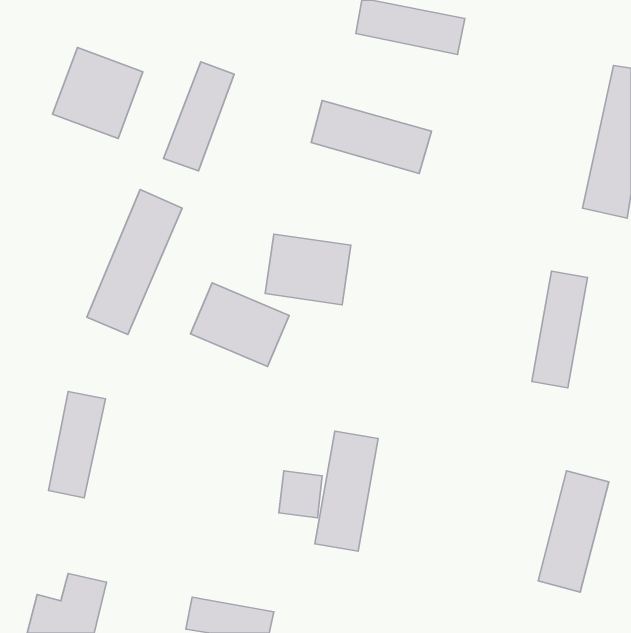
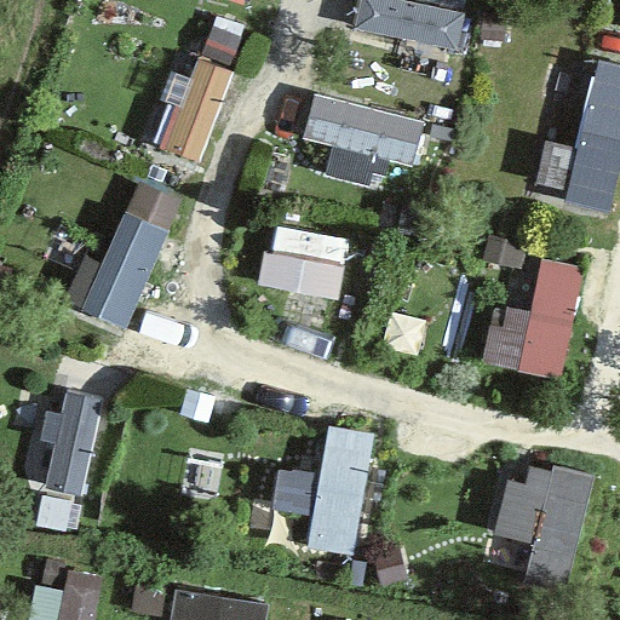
building: [53,48,143,139] -> none
building: [190,283,289,367] -> none

